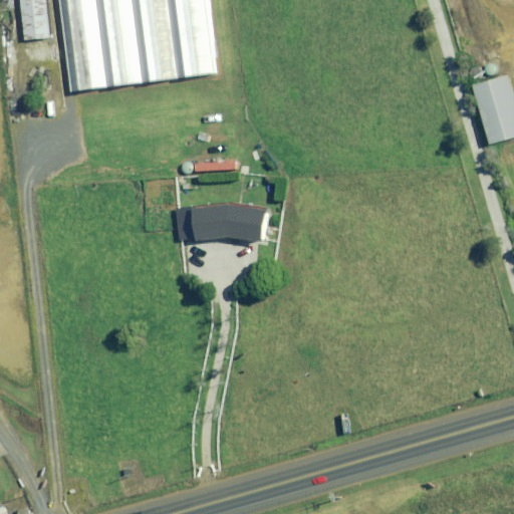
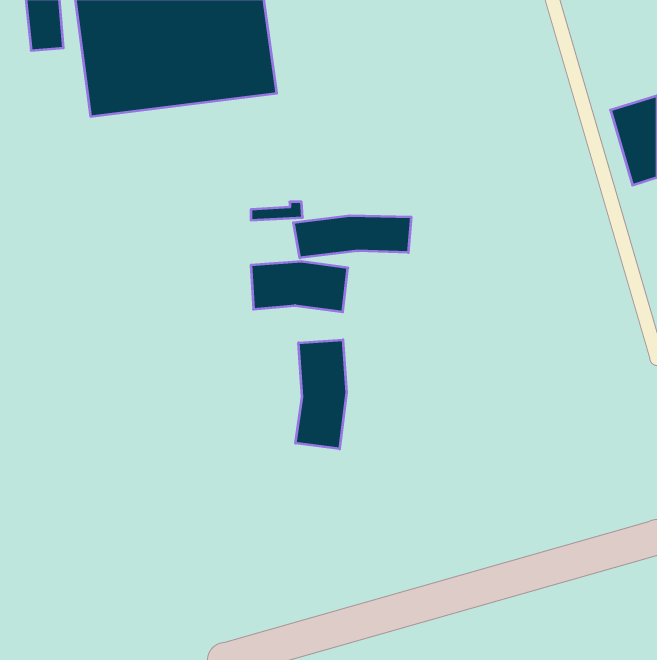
building: none -> [293,216,411,258]
building: none -> [296,340,347,449]

